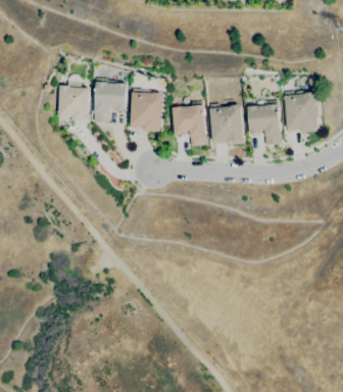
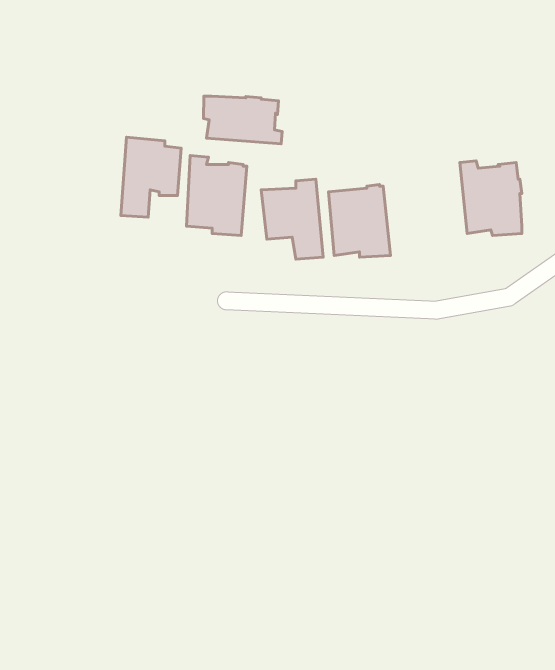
building: none -> [203,96,282,144]
building: [58,82,89,121] -> none
building: [247,100,282,145] -> none

